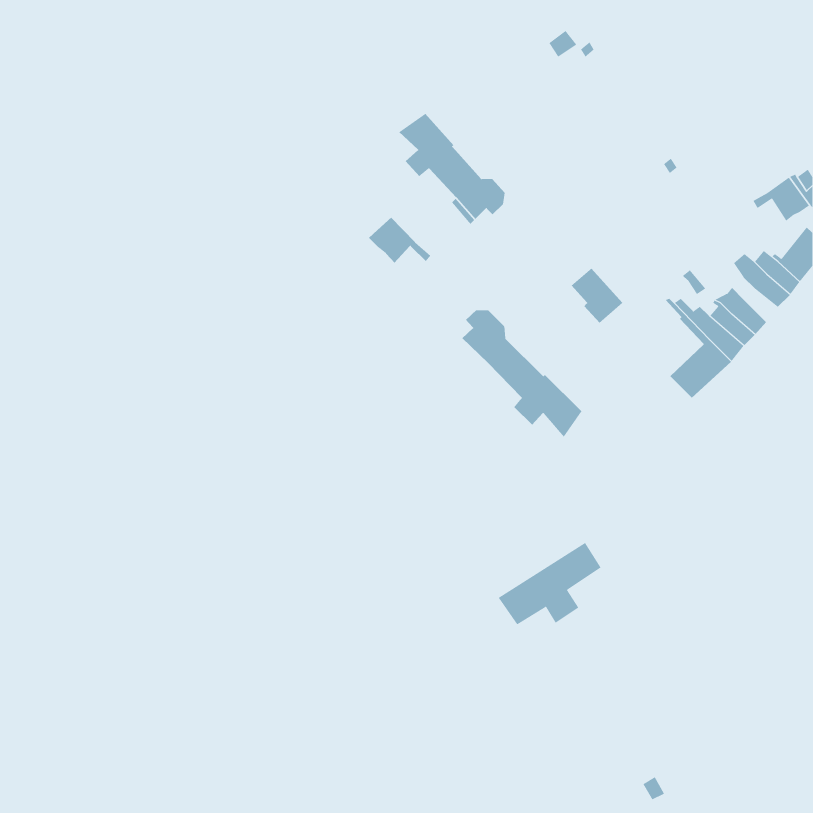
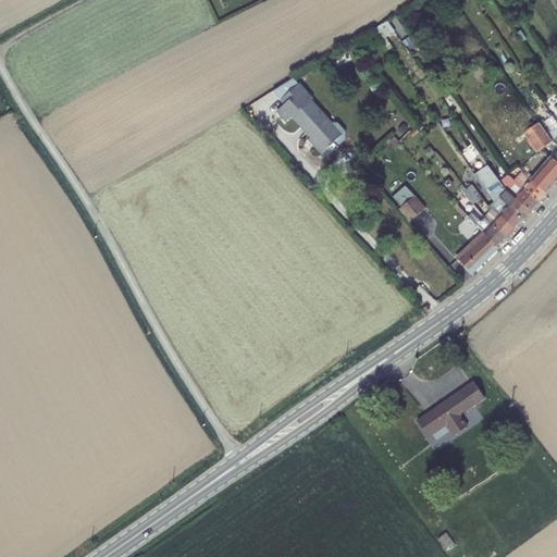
building: [368,217,431,264] -> none
building: none -> [478,175,531,220]
building: [462,309,582,438] -> none
building: [498,542,601,625] -> [413,380,484,436]

